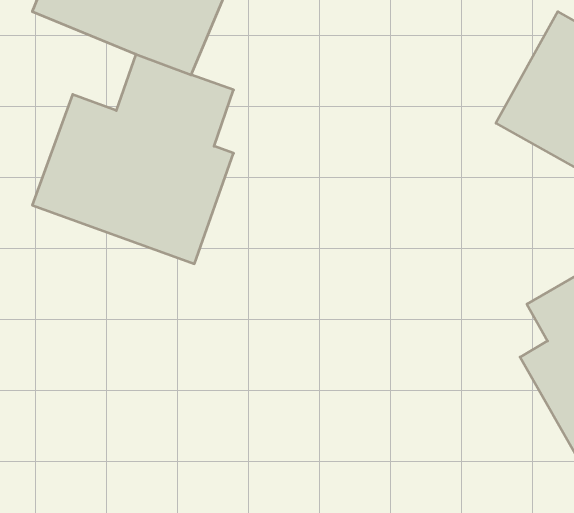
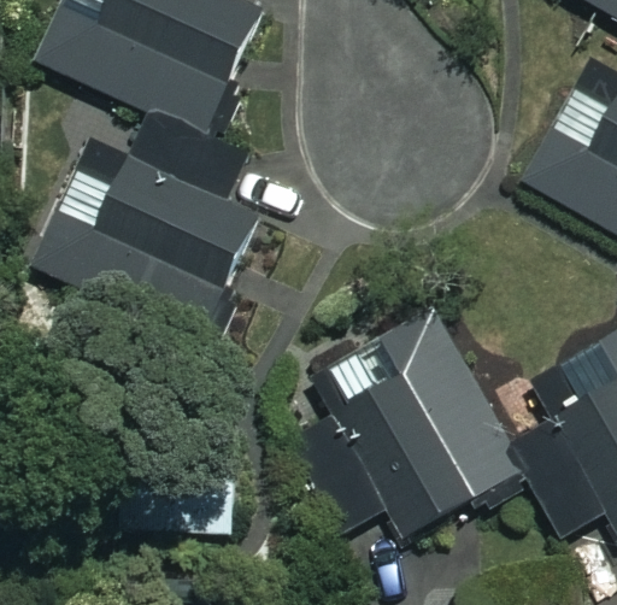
building: none -> [306,348,519,553]

